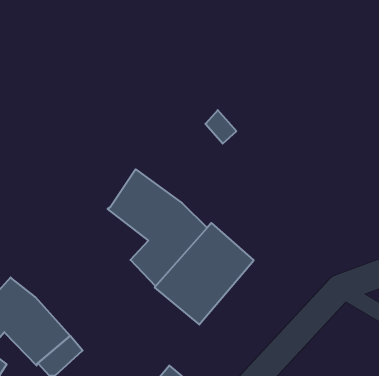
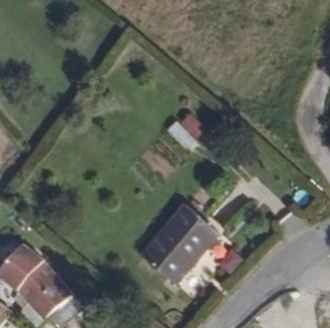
building: [108,169,207,286] -> none

